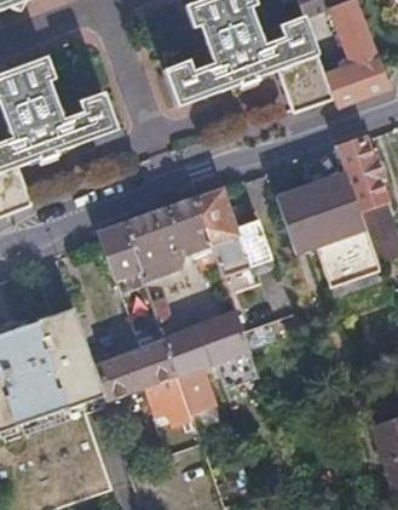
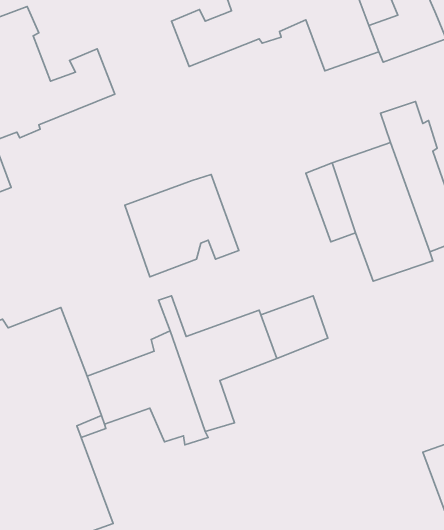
building: [196,185,273,275] -> none
building: [96,222,145,286] -> none

